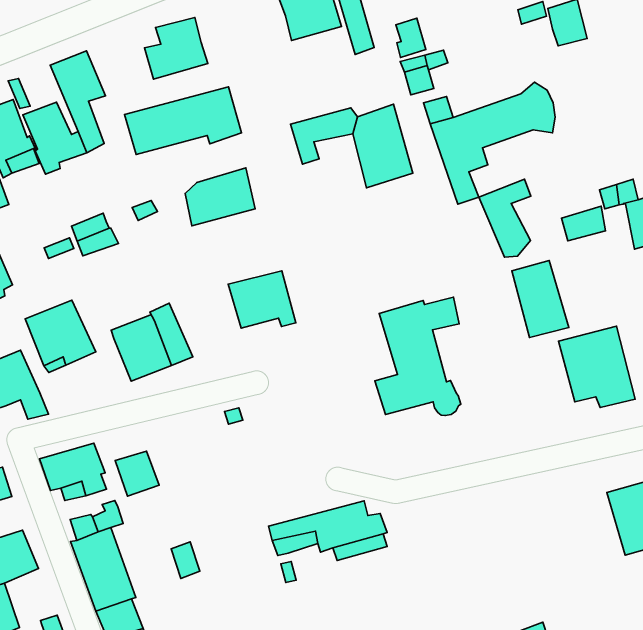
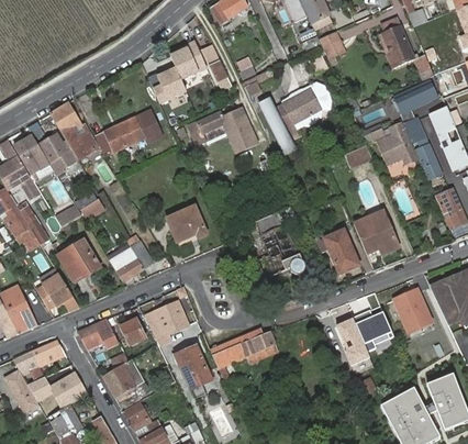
building: [144,18,208,79] -> [151,66,187,103]
building: [185,168,255,226] -> none
building: [479,179,531,257] -> none
building: [512,261,569,337] -> [324,229,360,273]
building: none -> [145,299,190,347]
building: none -> [333,306,393,373]
building: none -> [176,344,212,389]

